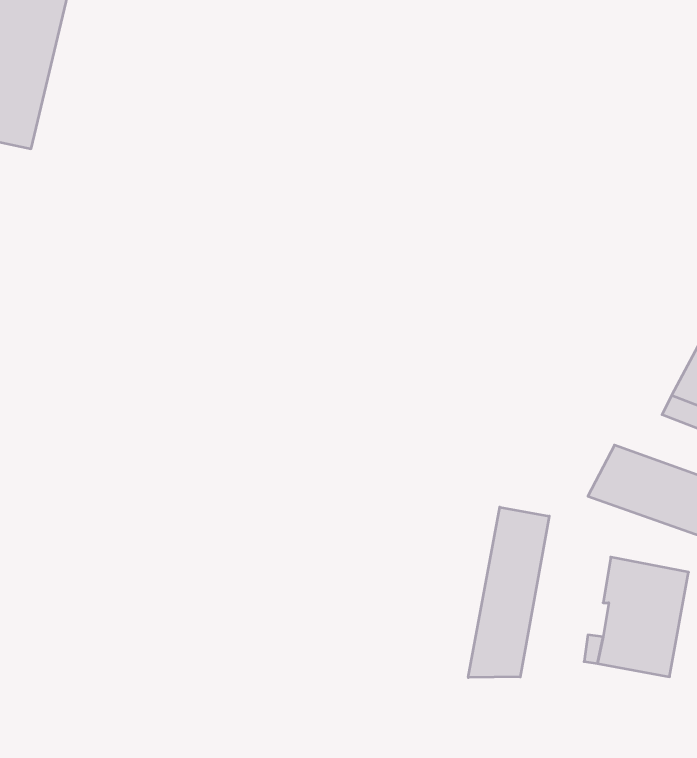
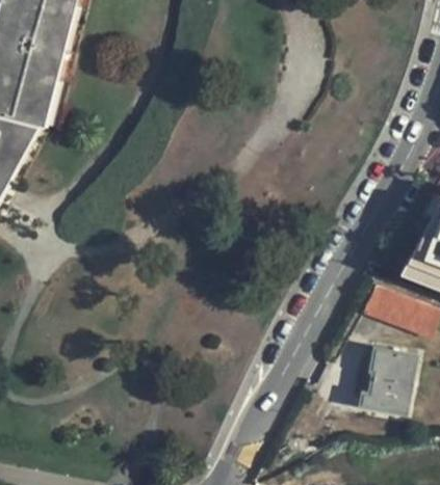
building: [468,507,549,678] -> none

